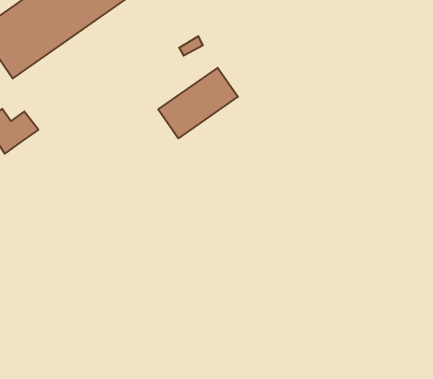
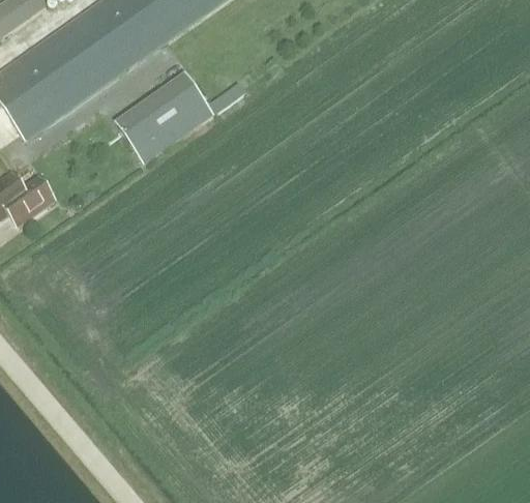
building: [158,68,238,138] -> [118,76,211,158]

